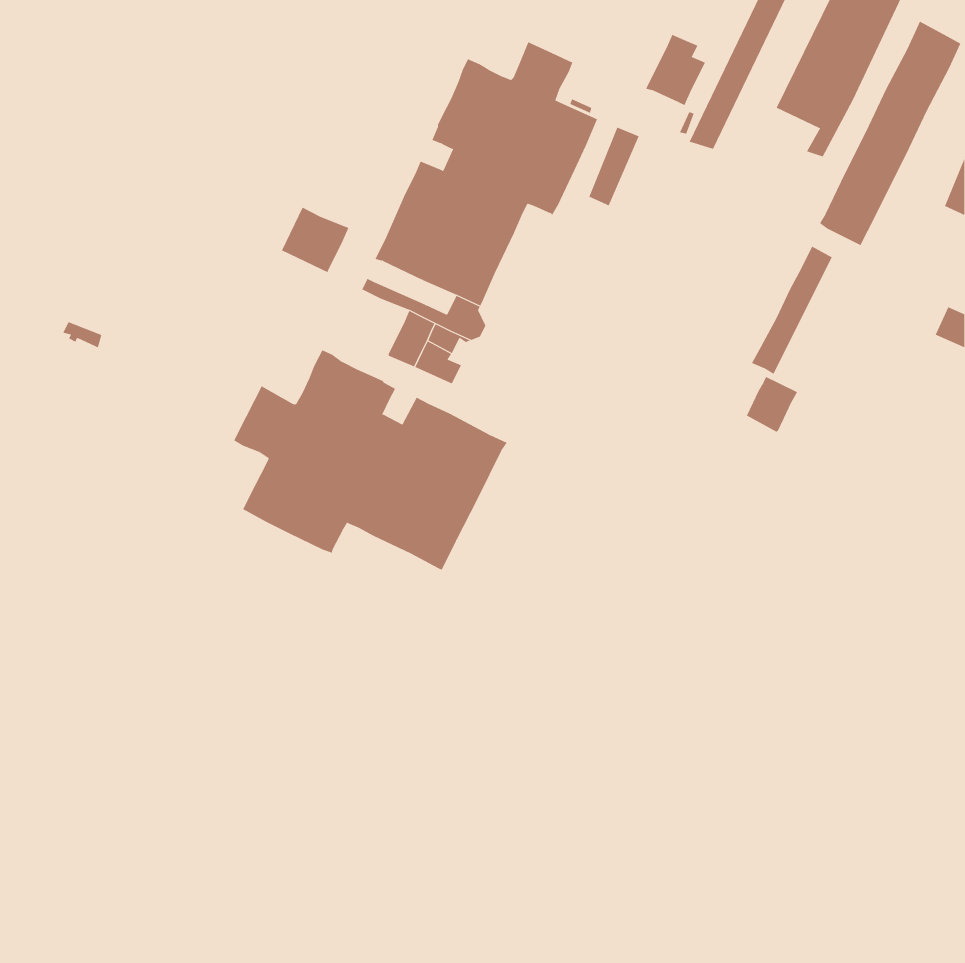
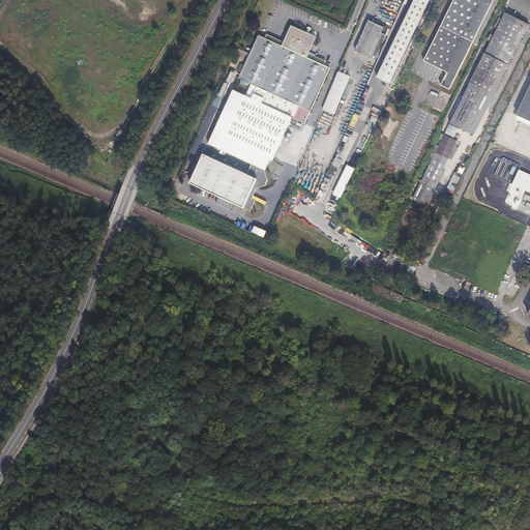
building: [281,207,349,273] -> [186,158,224,195]
building: [233,350,507,571] -> none
building: [746,376,798,432] -> none

